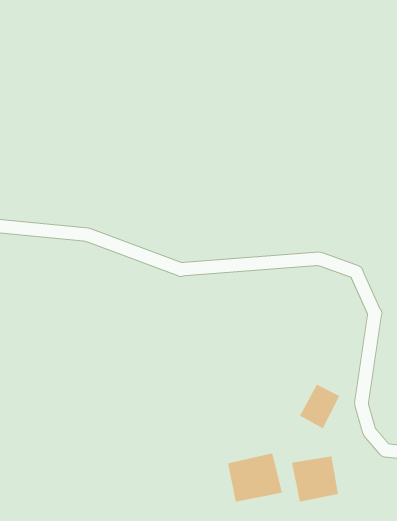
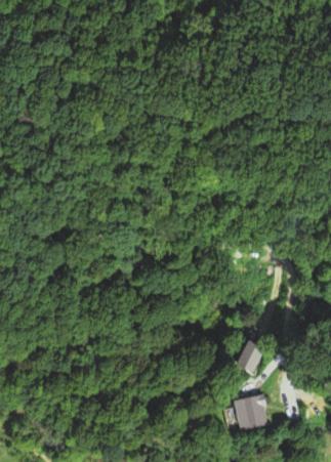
building: [227,453,283,502] -> none

